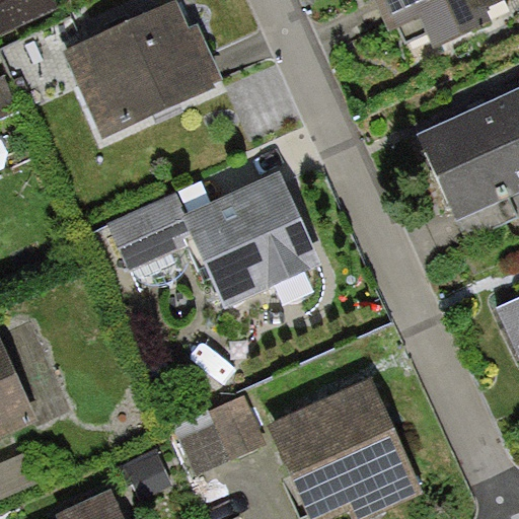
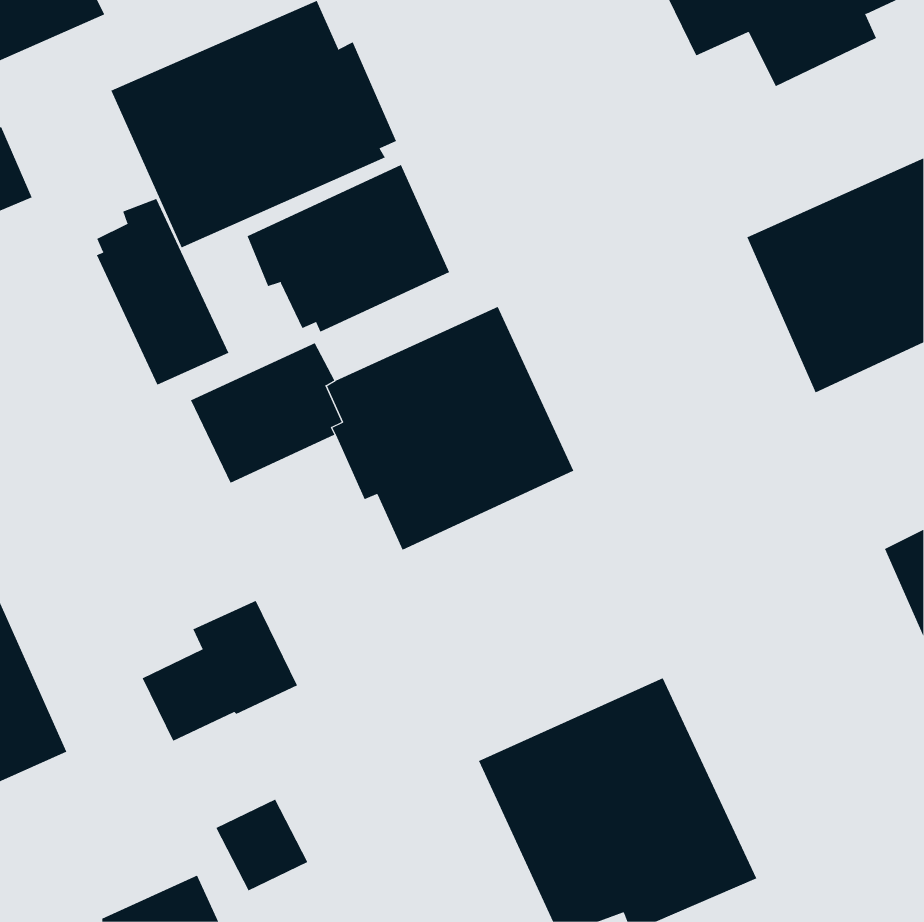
building: none -> [247,164,450,332]
building: none -> [96,198,229,385]
building: [179,395,267,474] -> [142,600,298,742]

